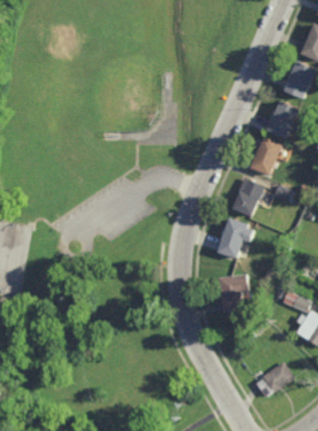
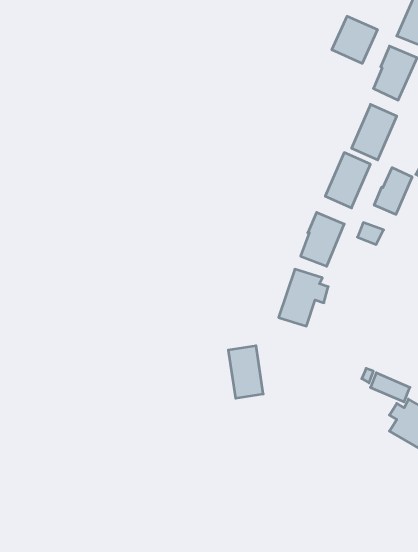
building: none -> [332,16,377,63]
building: none -> [374,168,412,214]
building: [217,275,242,313] -> [228,346,263,398]
building: [254,362,292,398] -> none

